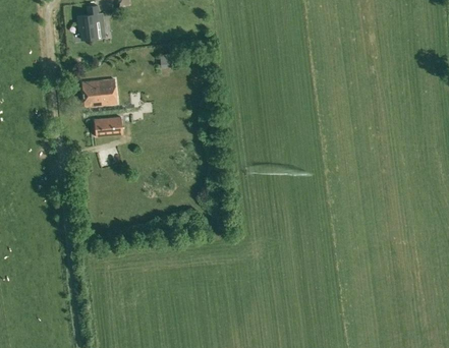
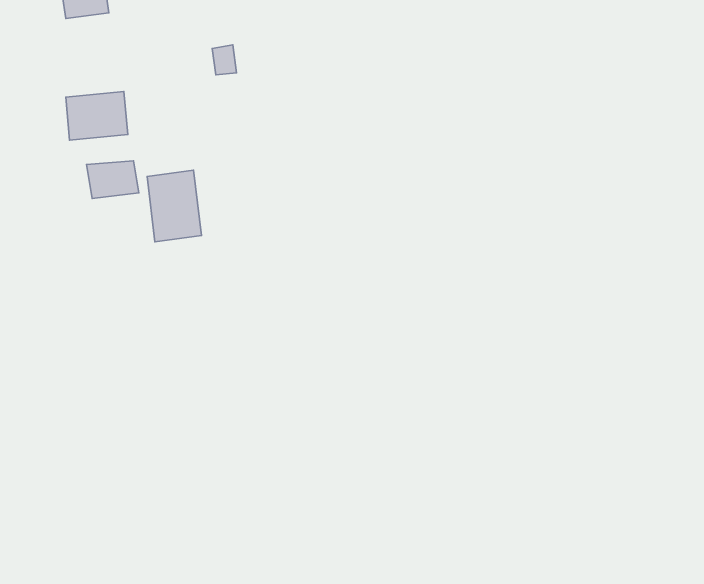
building: none -> [147,170,202,242]

